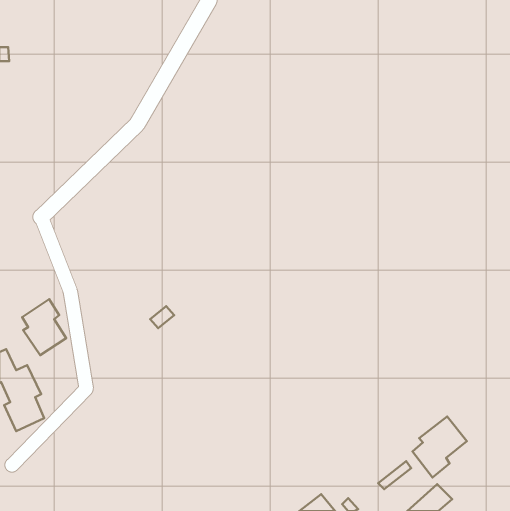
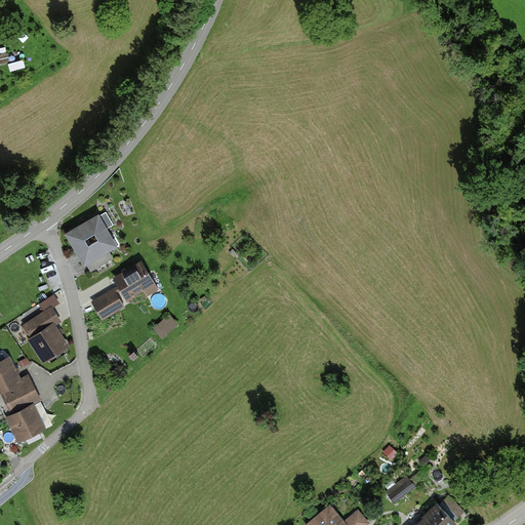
building: none -> [66,214,116,264]
building: none -> [89,260,157,322]
building: [412,417,467,477] -> none

